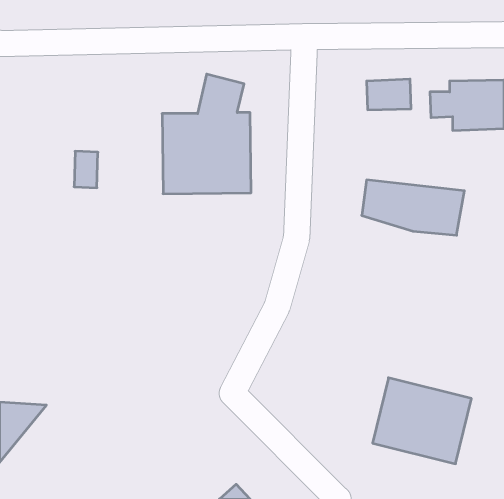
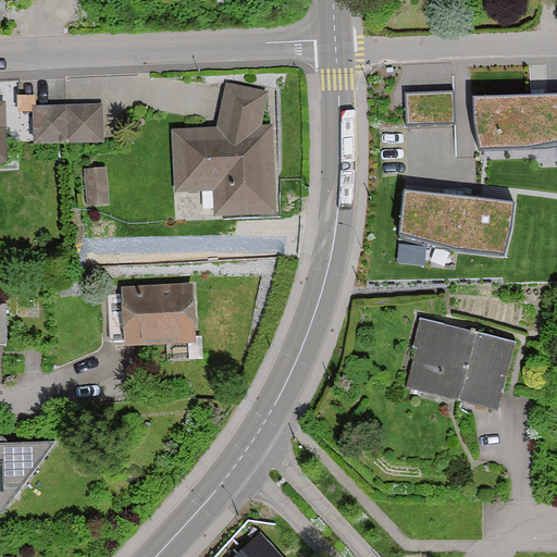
building: none -> [36,101,106,146]
building: none -> [126,273,197,343]
building: [373,378,471,464] -> [404,315,512,410]

